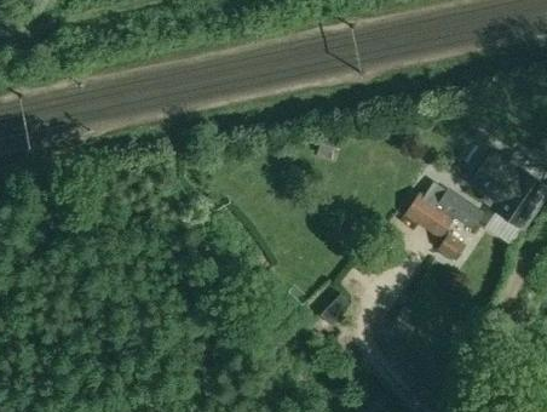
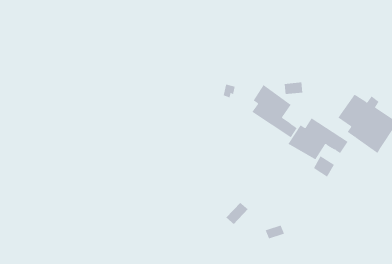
building: none -> [252,84,297,138]

